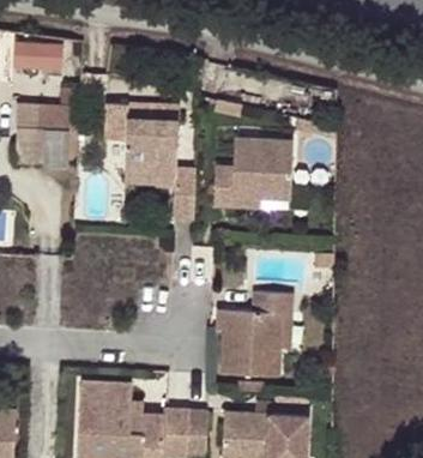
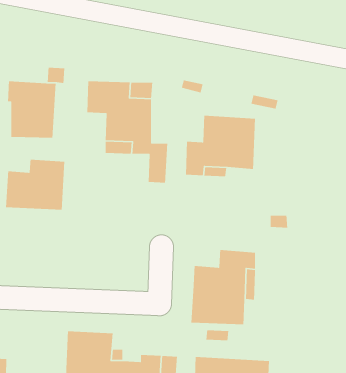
building: [17,41,68,68] -> none
building: none -> [5,159,65,210]

